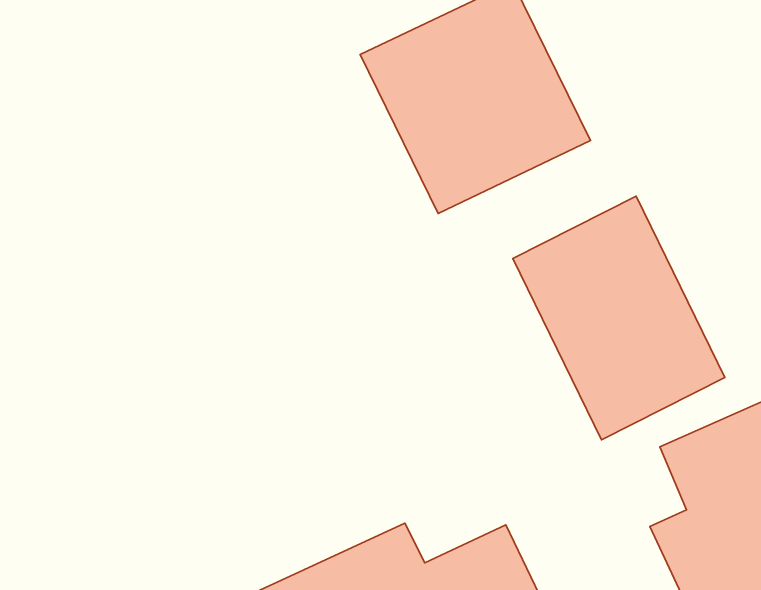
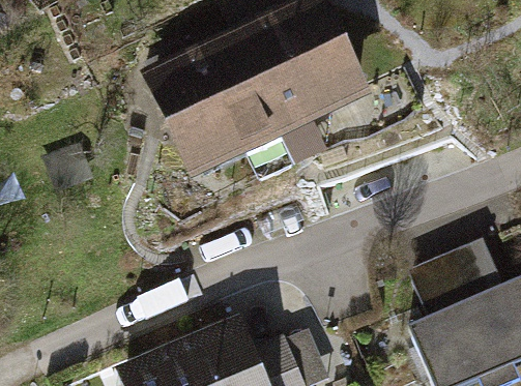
building: none -> [134,39,278,184]
building: [513,196,725,440] -> none

